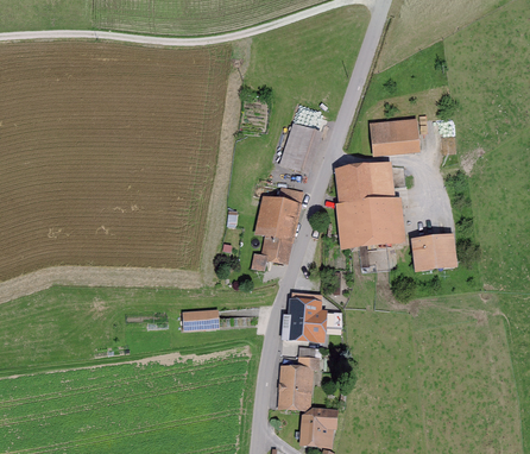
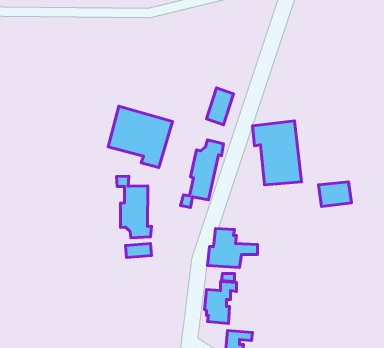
building: [372,120,418,145] -> none
building: none -> [108,106,172,168]
building: none -> [117,176,151,238]

